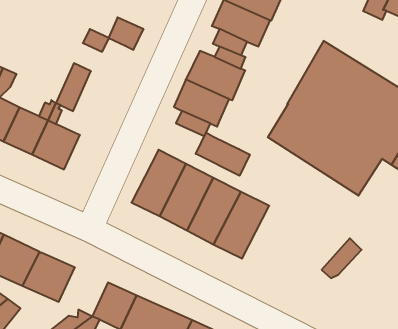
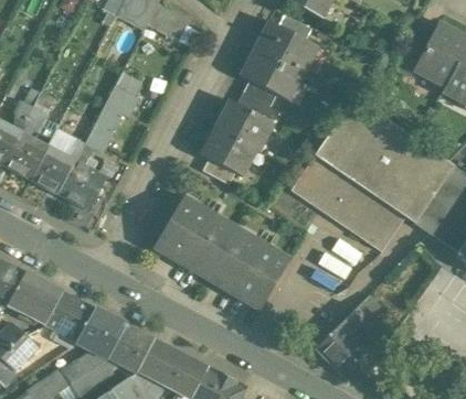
building: [109,17,144,50] -> [105,85,140,118]
building: [196,133,250,176] -> none
building: none -> [77,308,127,357]
building: none -> [316,323,368,374]

